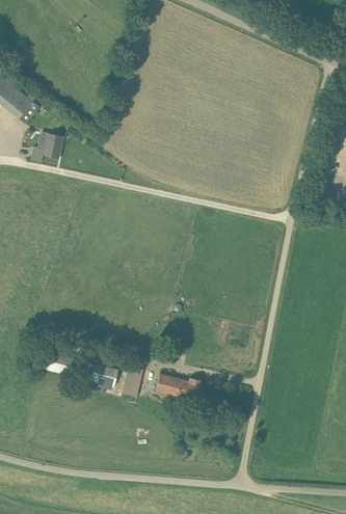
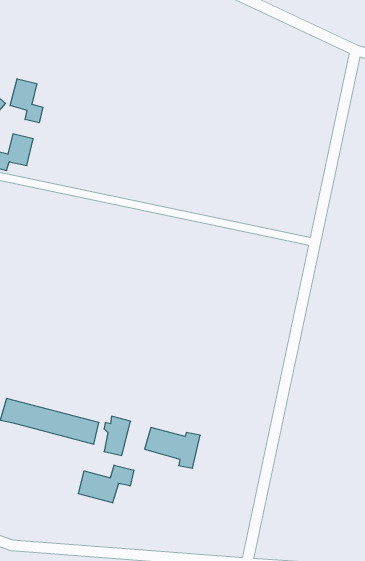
building: none -> [10,79,43,123]
building: none -> [78,465,134,503]

